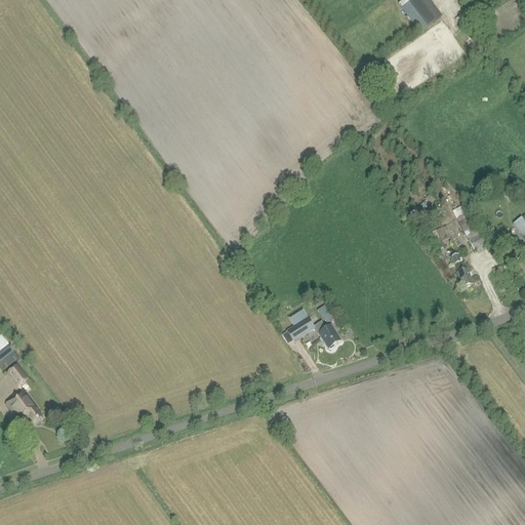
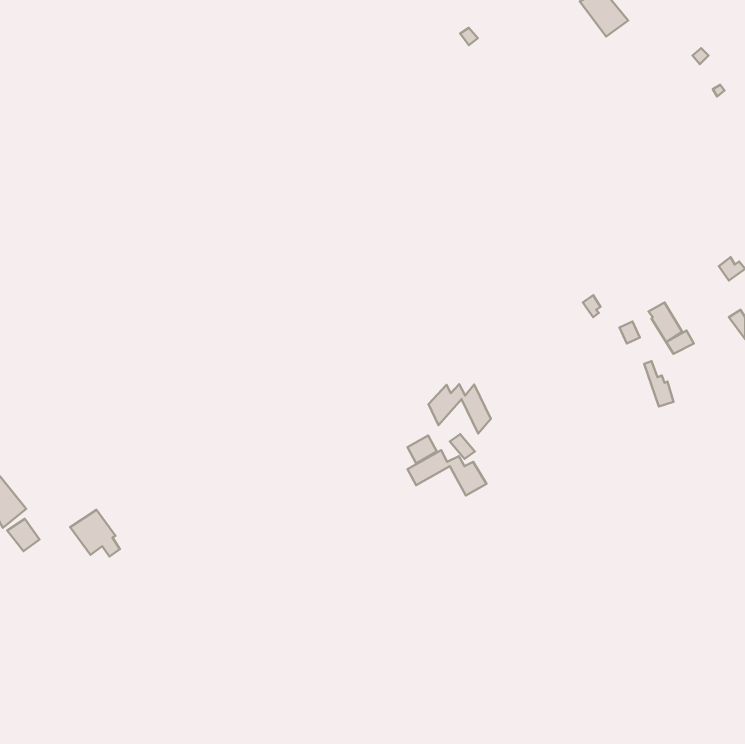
building: none -> [428,384,491,433]
building: [6,390,41,422] -> [70,510,120,556]

